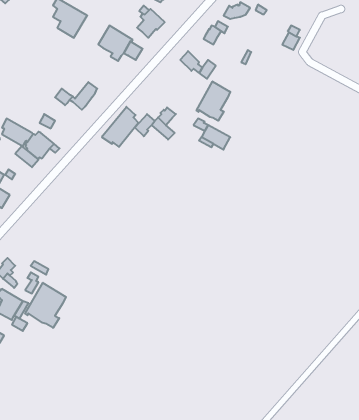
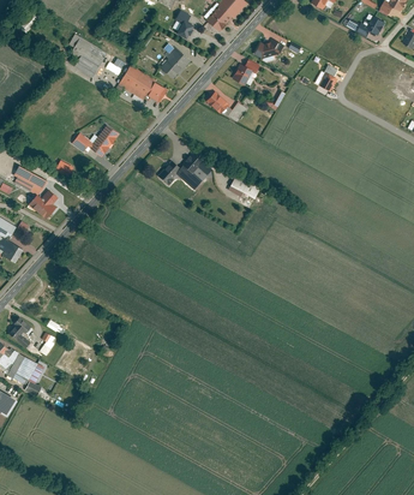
building: [197,81,230,121] -> none
building: [102,107,139,147] -> none
building: [25,283,66,328] -> none

